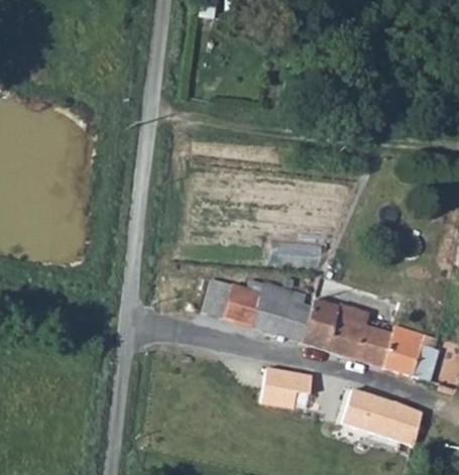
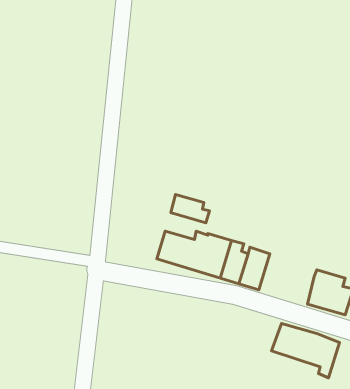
building: none -> [171,195,210,223]
building: [327,305,393,367] -> none
building: [261,368,313,410] -> none

